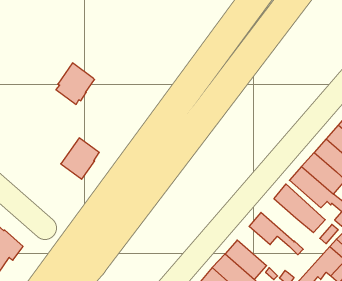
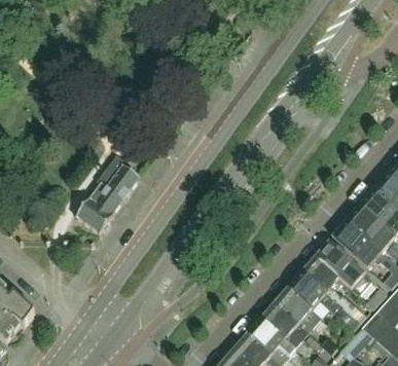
building: [56,63,95,104] -> [98,158,141,205]
building: none -> [301,256,367,322]
building: none -> [275,287,321,331]

